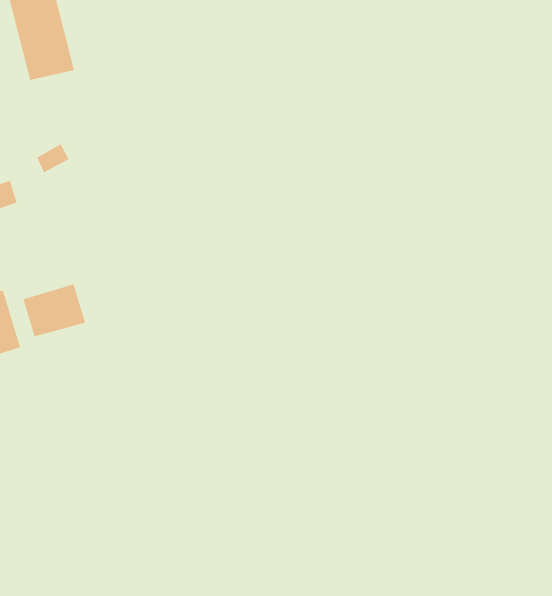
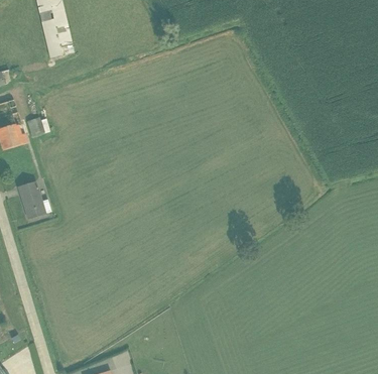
building: [23,283,86,337] -> none

